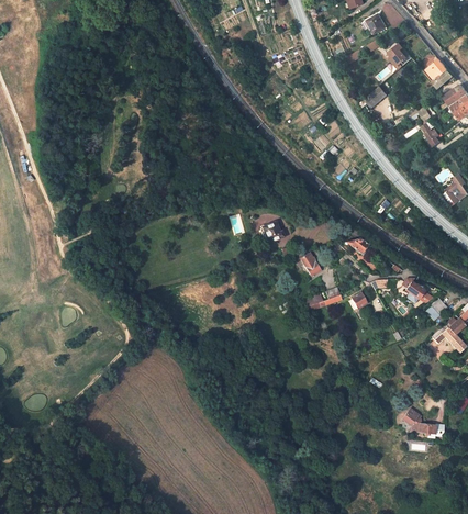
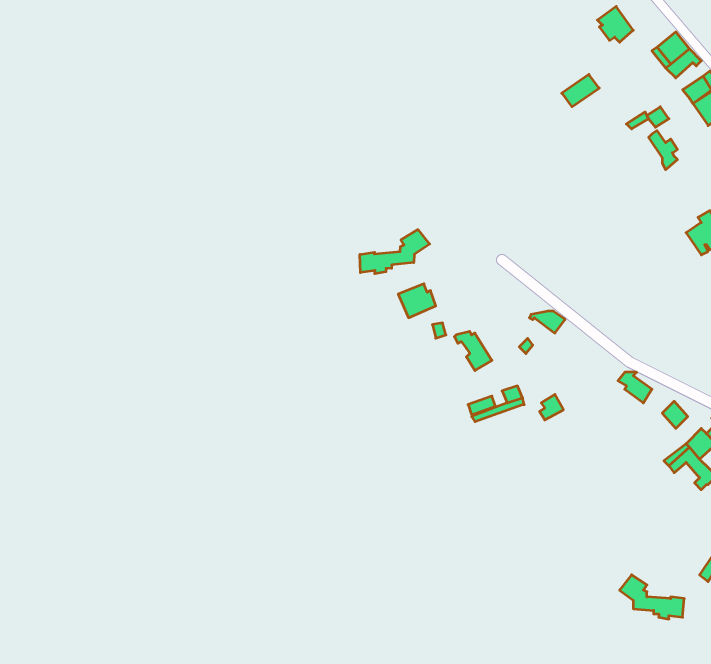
building: none -> [360,230,430,274]

